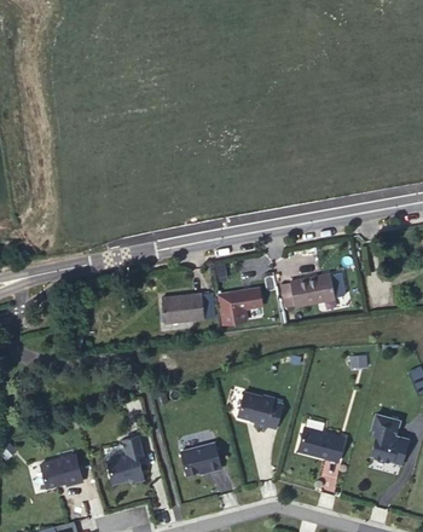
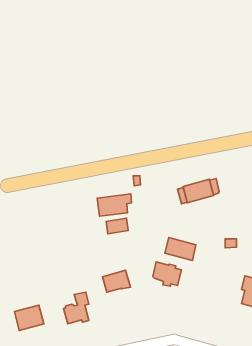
building: [226,289,259,312] -> [106,218,128,234]
building: [297,427,343,461] -> [165,238,196,260]
building: [180,443,221,475] -> [103,270,131,292]

